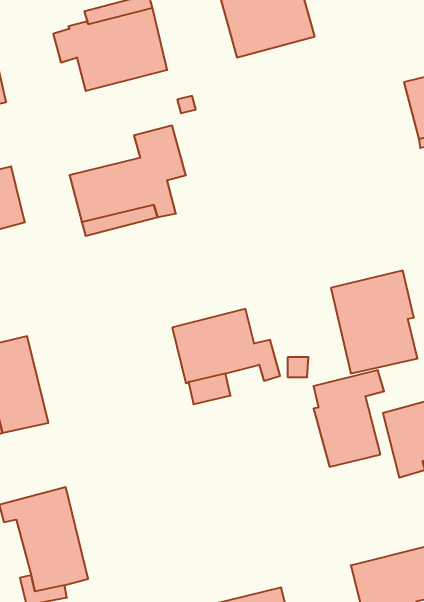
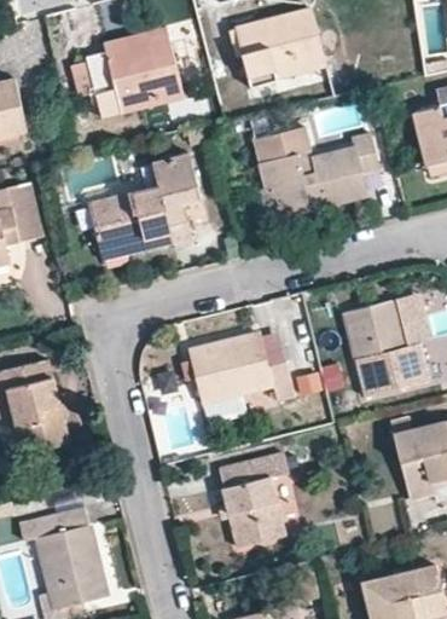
building: none -> [252,127,379,219]
building: [313,370,384,467] -> [220,452,289,546]

